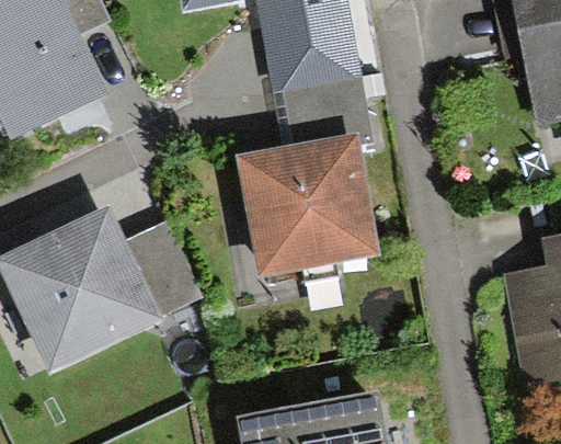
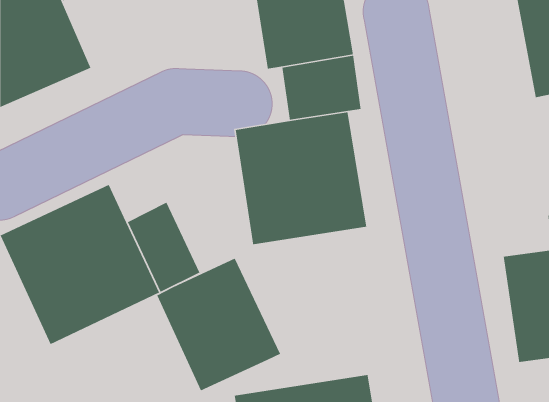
building: none -> [156,257,281,392]

